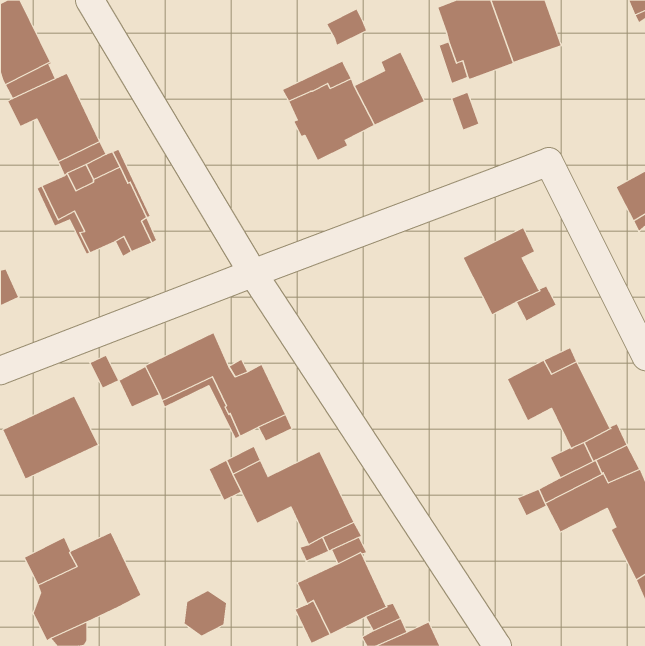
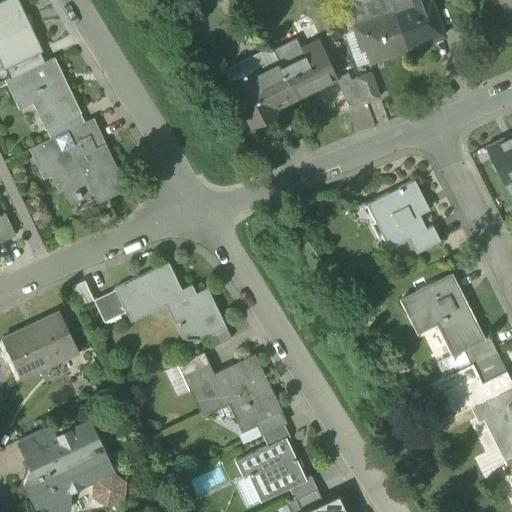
building: [326,9,367,46] -> [273,39,305,68]
building: none -> [336,73,366,106]
building: [184,591,227,636] -> [93,471,127,507]

